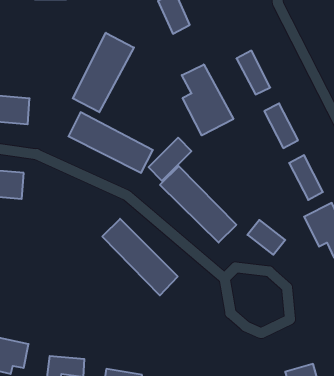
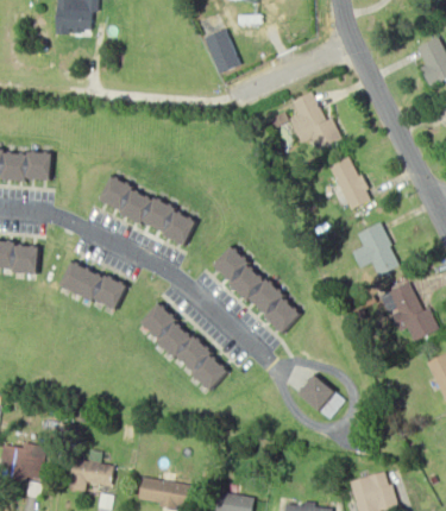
building: [73,33,134,112] -> none
building: [182,64,233,135] -> none
building: [149,138,191,181] -> none
building: none -> [57,261,125,311]
building: [247,220,285,255] -> [301,378,346,419]

